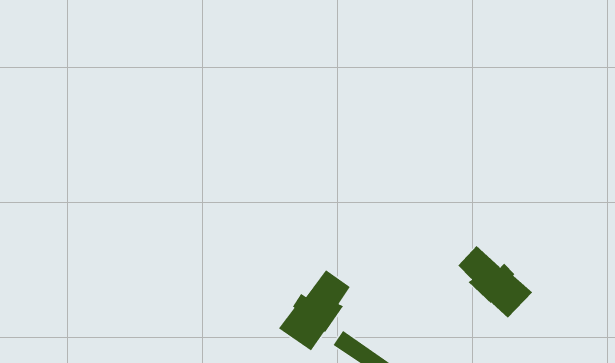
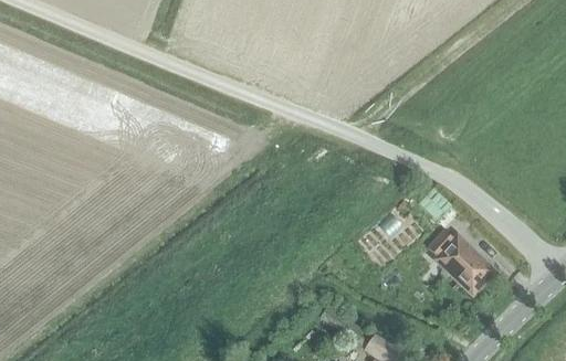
building: [278,269,351,351] -> none

